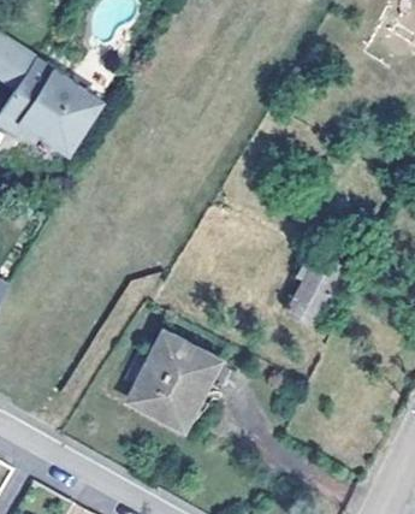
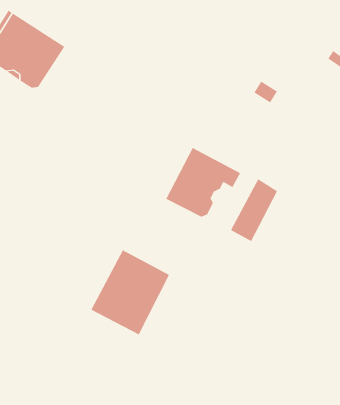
building: none -> [165,147,241,217]

